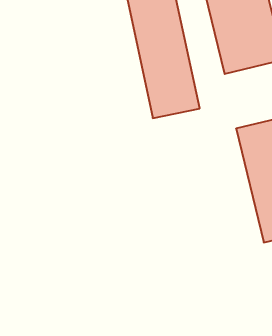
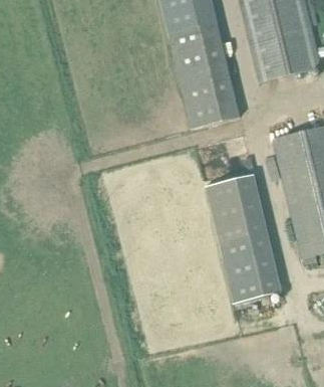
building: none -> [205,173,281,303]

